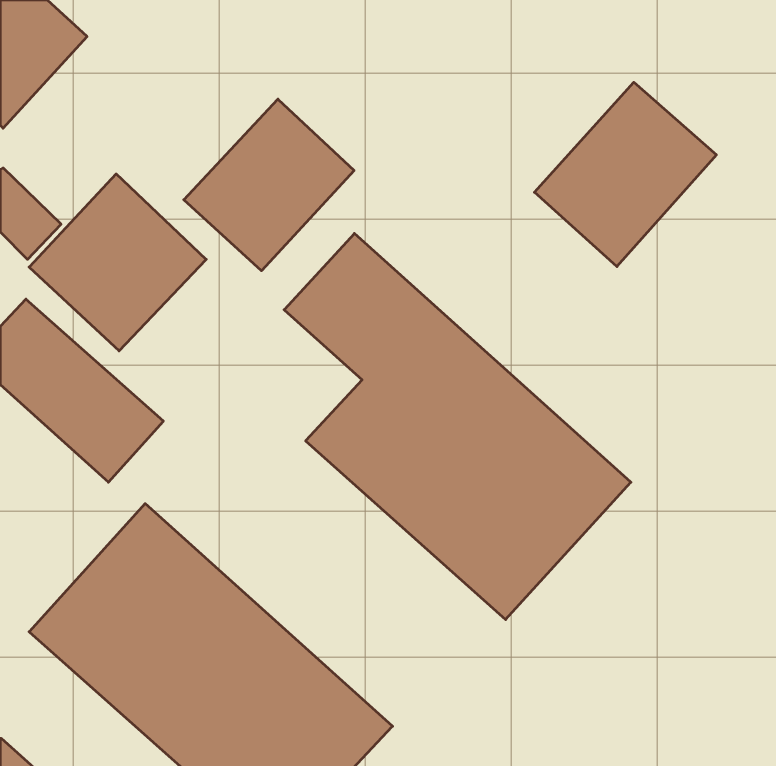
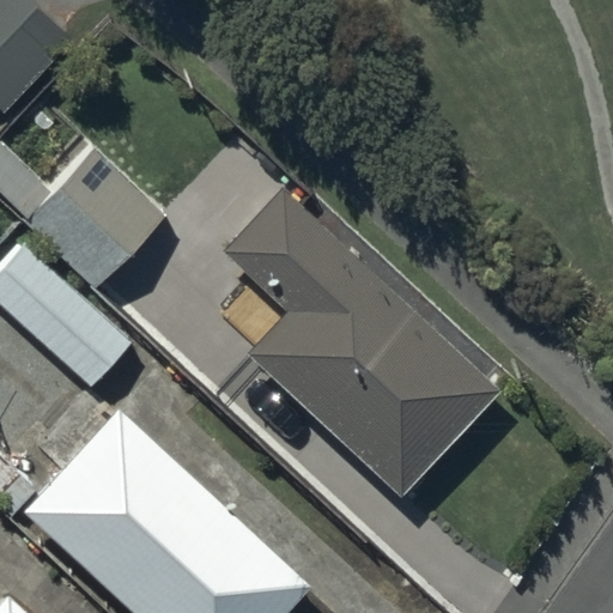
building: [534,82,716,267] -> none
building: [184,99,354,271] -> none

